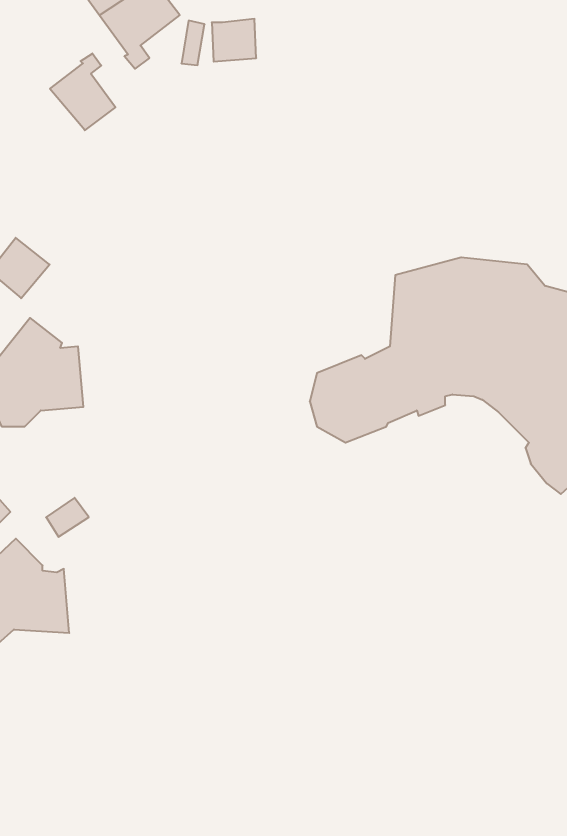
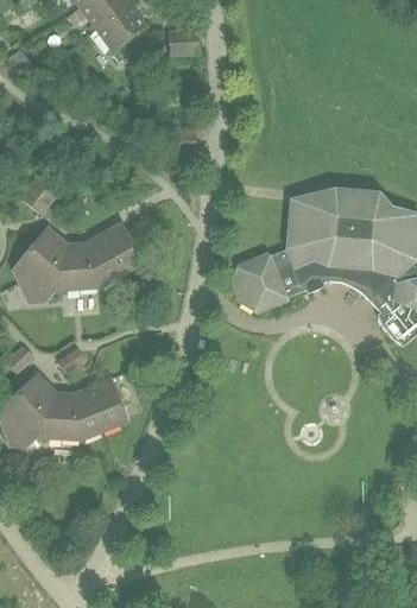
building: [50,53,115,130] -> none
building: none -> [78,223,141,286]
building: none -> [69,379,126,437]

